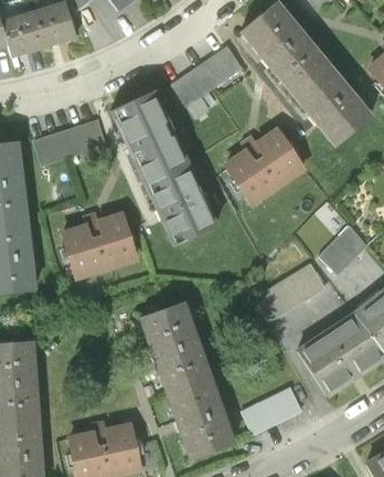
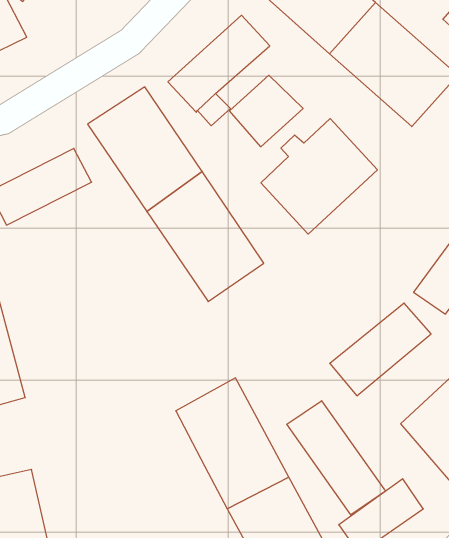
building: none -> [230,75,303,147]
building: [61,211,139,278] -> none
building: none -> [287,401,385,515]

